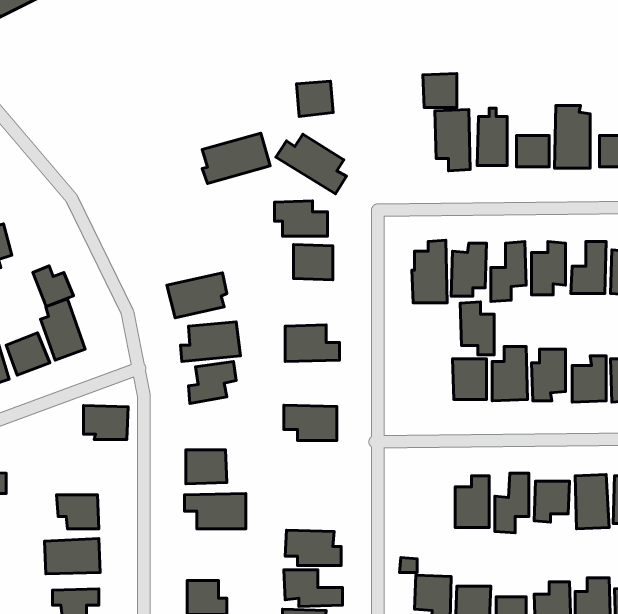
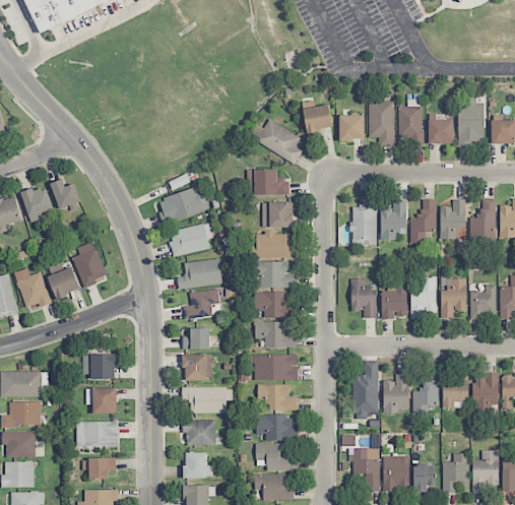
building: [423,73,457,107] -> [338,115,364,140]
building: [296,81,333,117] -> [304,106,331,132]
building: [202,133,270,184] -> [158,186,209,224]
building: [33,266,73,307] -> [50,179,80,209]
building: none -> [256,233,297,258]
building: [460,302,494,355] -> [350,278,376,318]
building: none -> [254,292,296,318]
building: [83,405,128,439] -> [82,354,116,379]
building: none -> [182,328,209,349]
building: none -> [254,355,298,380]
building: none -> [352,362,379,419]
building: none -> [257,384,297,411]
building: none -> [185,420,215,446]

